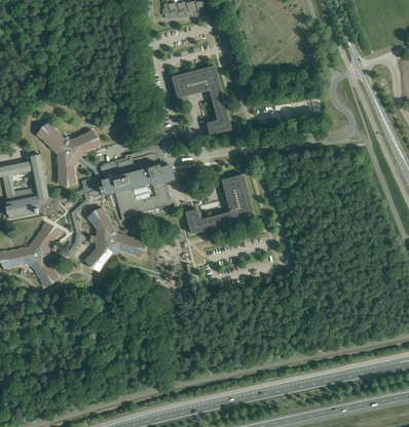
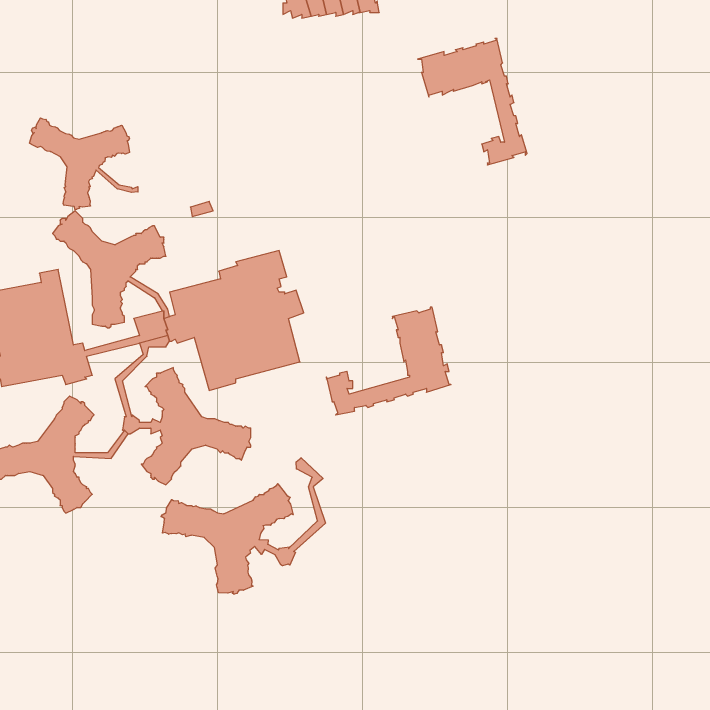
building: [171,65,230,133] -> [418,38,527,165]
building: none -> [30,118,138,210]
building: none -> [161,458,326,594]

